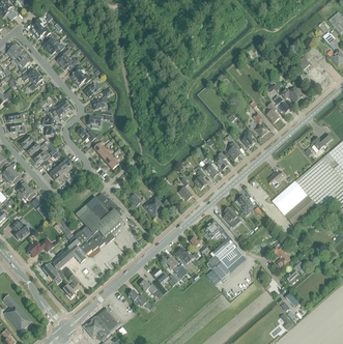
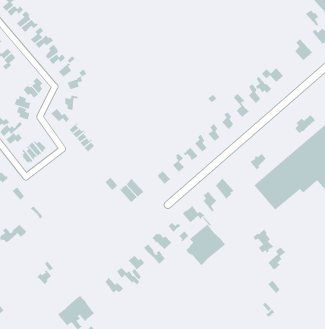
building: [42,193,122,281] -> none

